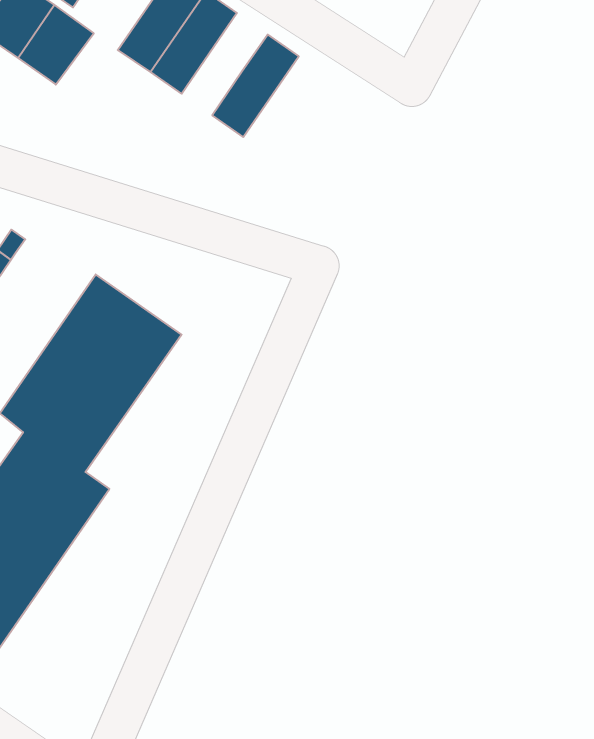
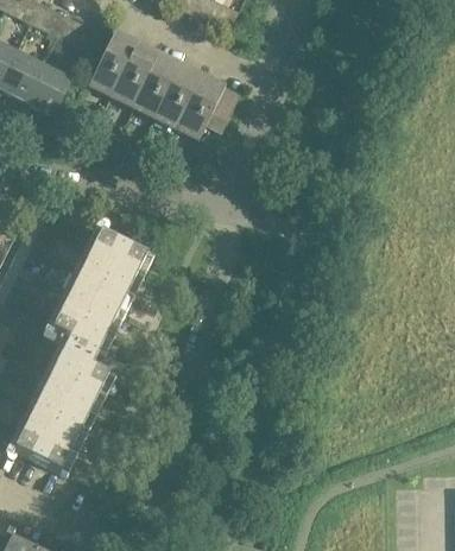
building: none -> [132,52,181,119]
building: none -> [175,74,241,141]

